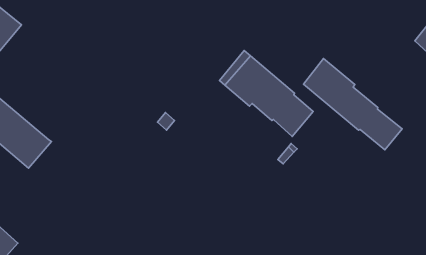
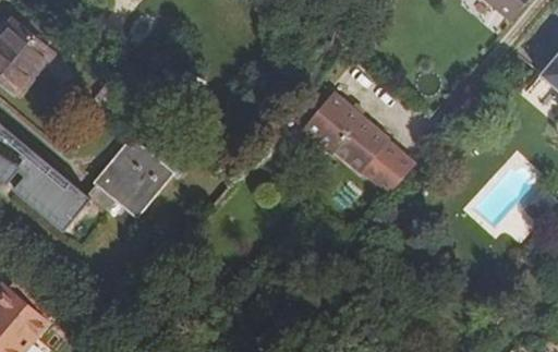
building: [304,59,402,150] -> none
building: none -> [87,141,181,231]

